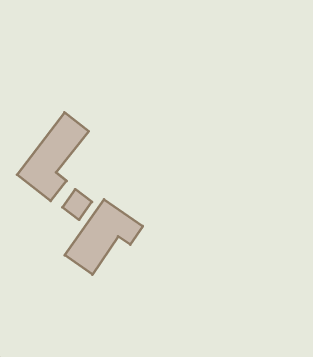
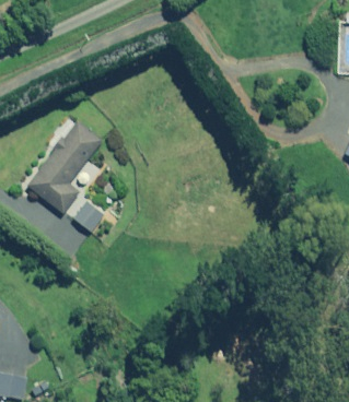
building: [65,199,143,275] -> none

